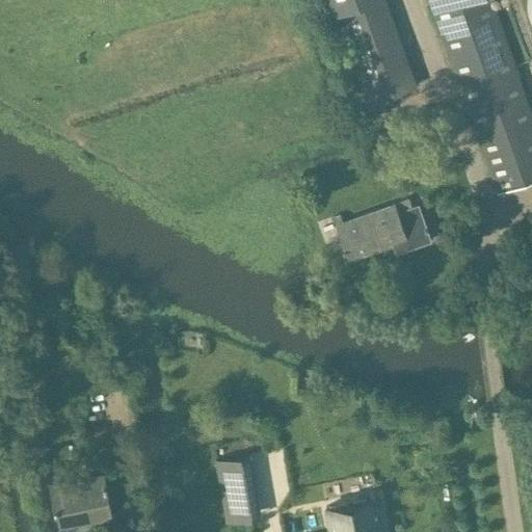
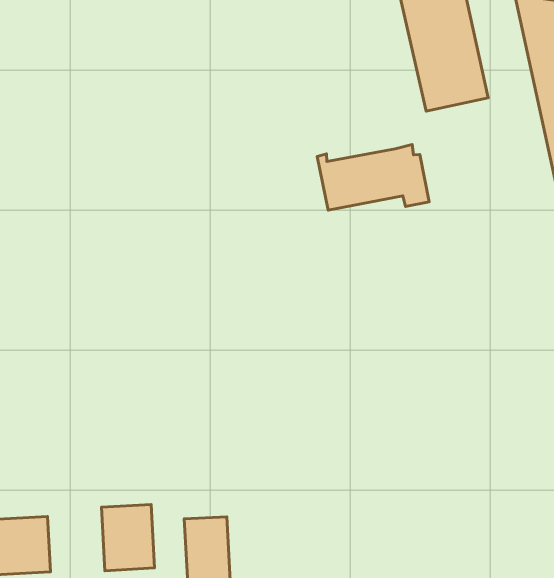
building: [335,200,430,262] -> [317,145,429,210]
building: none -> [101,504,154,571]

